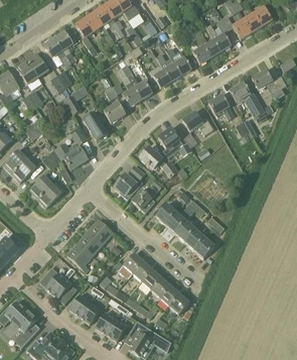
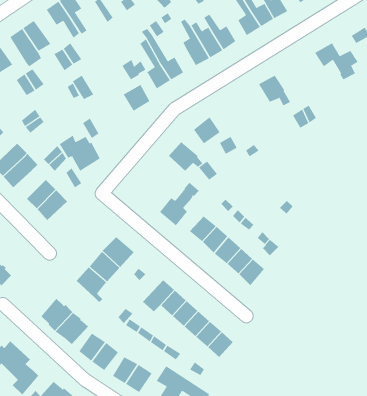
building: [230,83,265,117] -> none
building: [84,110,108,140] -> none
building: [182,111,213,135] -> none
building: [113,163,145,199] -> none

